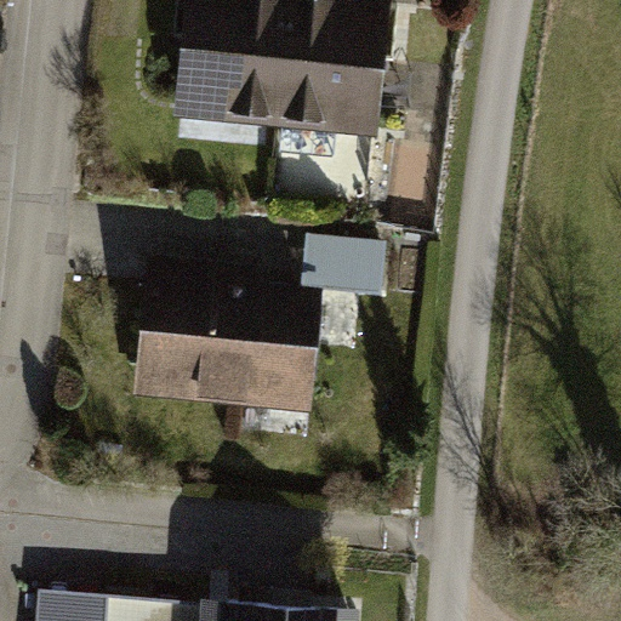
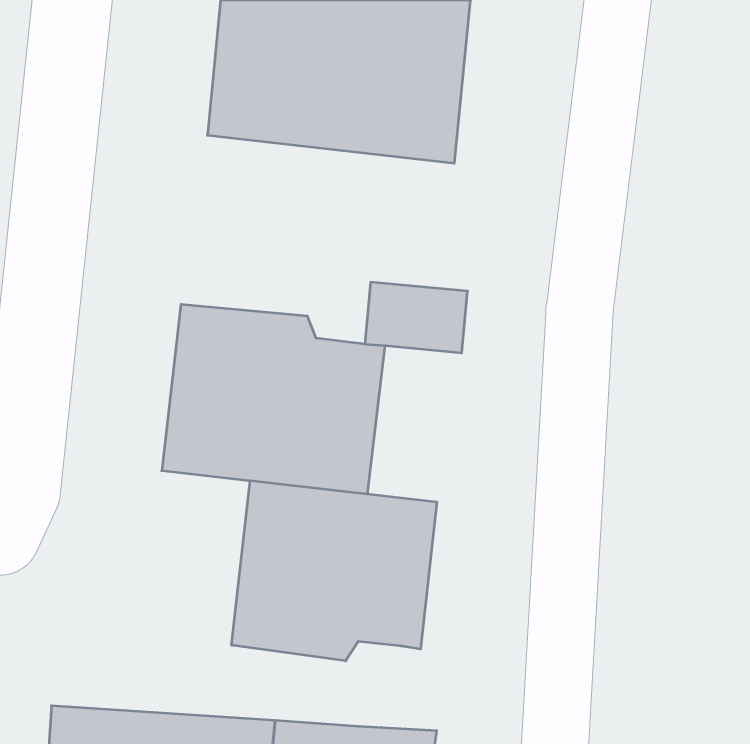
building: none -> [232,481,437,661]

